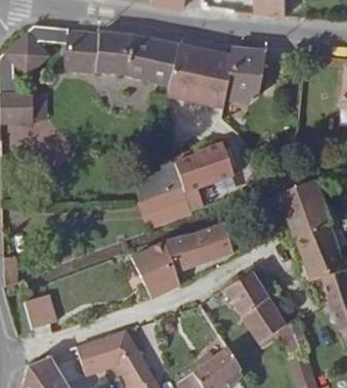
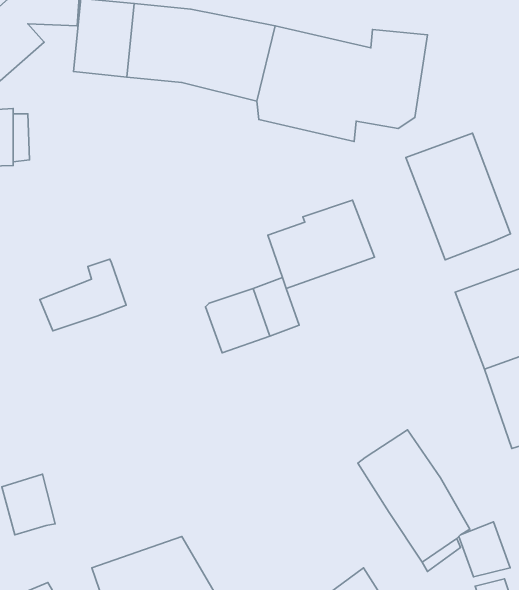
building: none -> [406,133,511,260]
building: [134,160,182,200] -> [40,259,126,331]
building: [131,222,233,299] -> none

